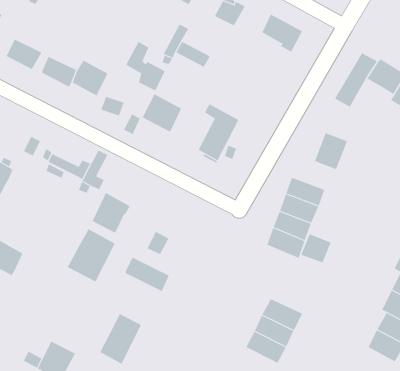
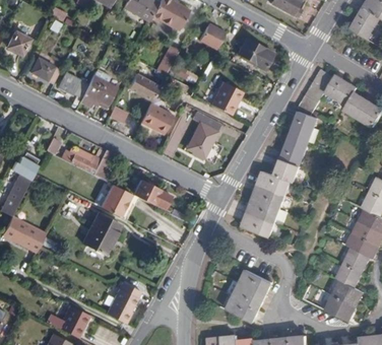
building: none -> [209,80,242,114]
building: none -> [291,111,318,141]
building: [300,234,332,264] -> [274,157,300,182]
building: [125,257,170,292] -> [132,179,169,207]

